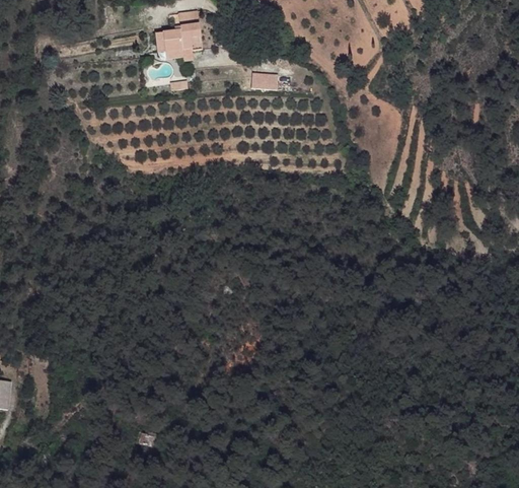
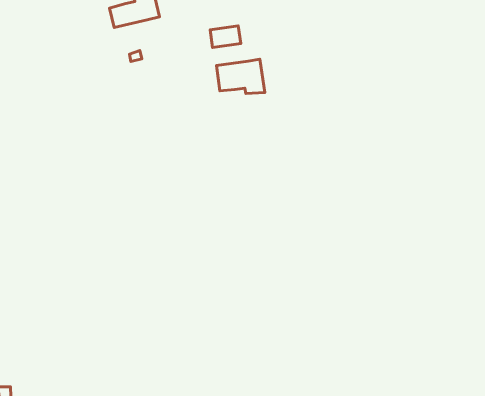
building: none -> [217,59,265,93]

